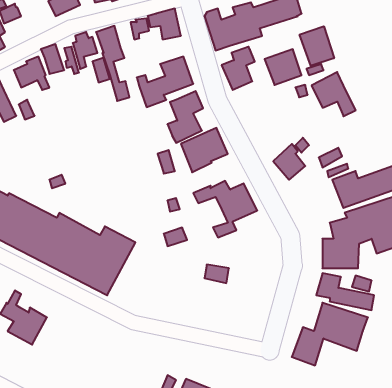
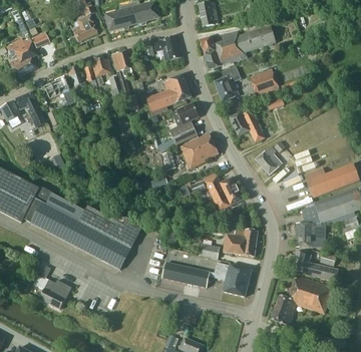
building: [300,26,334,66] -> none
building: [312,72,356,116] -> [229,106,265,142]
building: none -> [221,227,258,256]
building: none -> [162,262,252,297]

